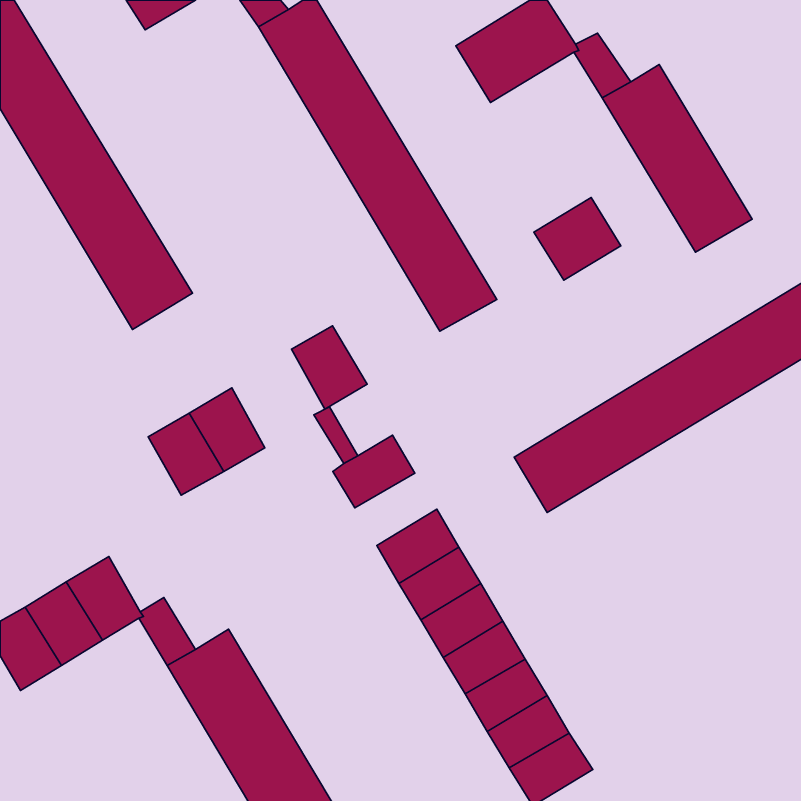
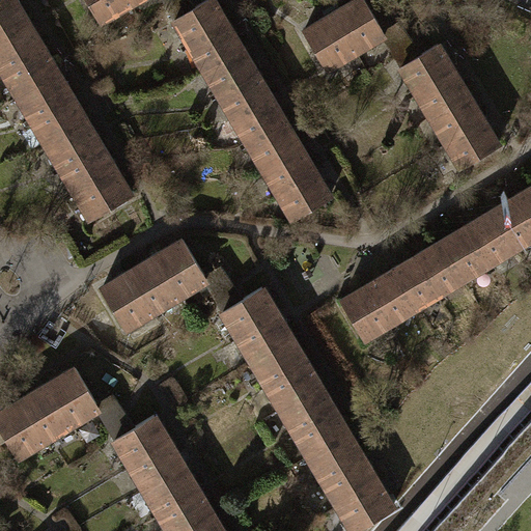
building: [534,198,621,280] -> none
building: [292,326,367,409] -> [156,243,205,298]
building: none -> [236,314,290,362]

